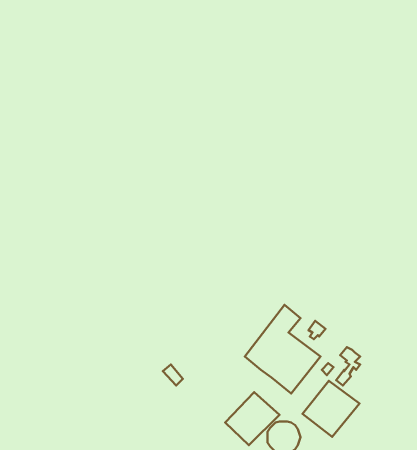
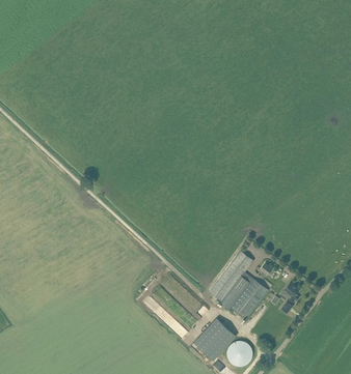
building: [303,381,360,437] -> none

